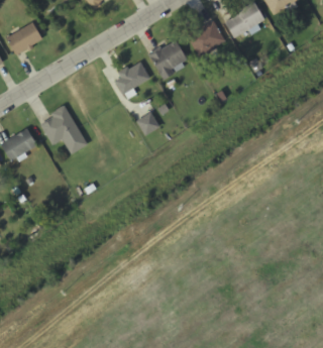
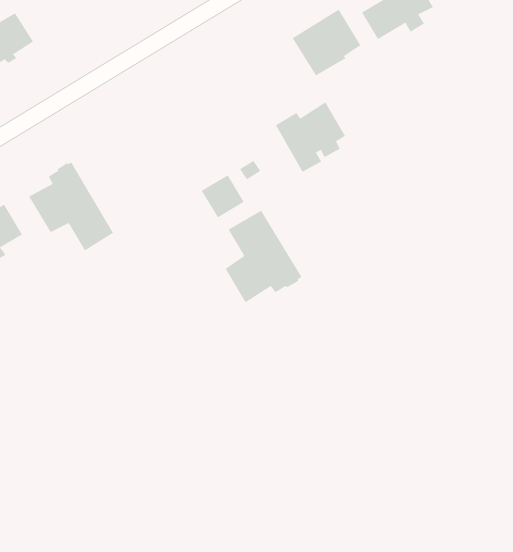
building: [148,40,188,80] -> [275,101,346,172]
building: [115,62,150,99] -> none
building: none -> [225,210,302,303]

